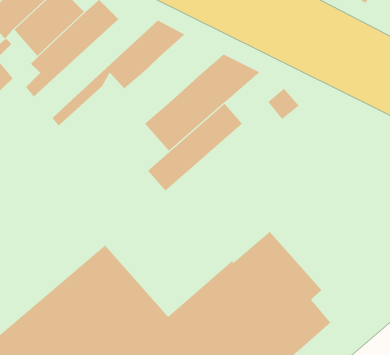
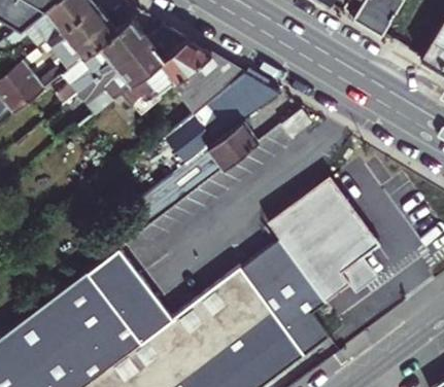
building: none -> [63,26,184,112]
building: none -> [172,55,244,113]
building: none -> [263,177,376,304]

